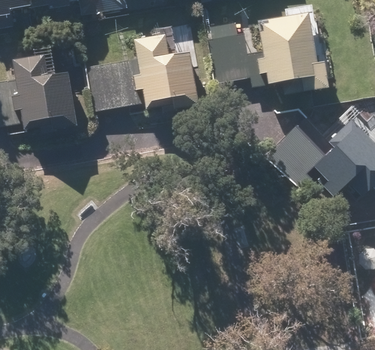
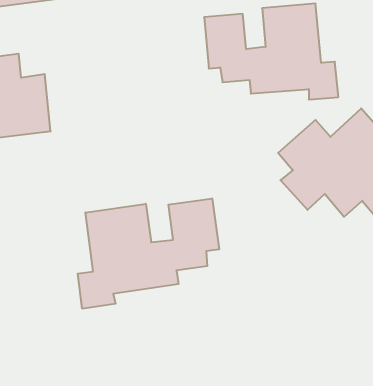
building: [87,36,198,114] -> none
building: none -> [78,198,219,309]

